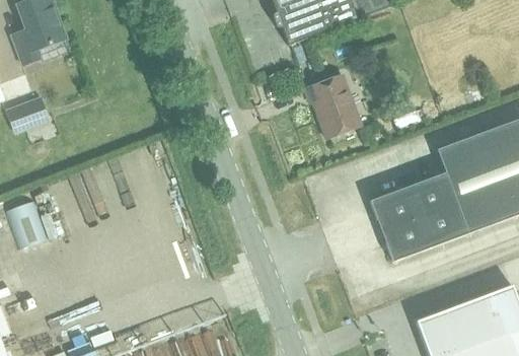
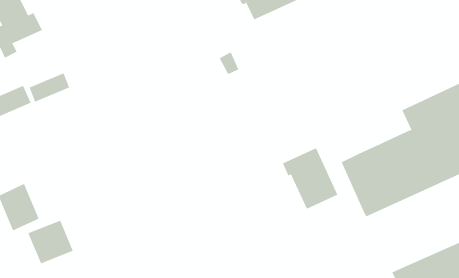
building: [305,73,362,138] -> [282,147,338,210]
building: none -> [29,72,70,103]
building: none -> [27,220,74,264]

